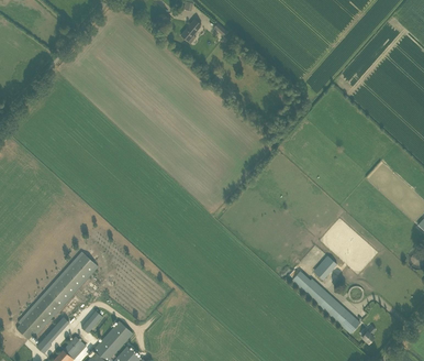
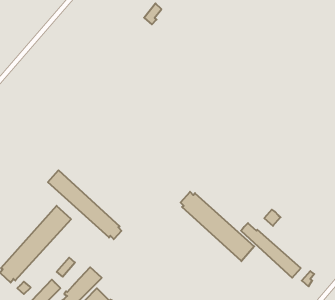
building: none -> [48,170,121,239]
building: none -> [181,192,254,261]

